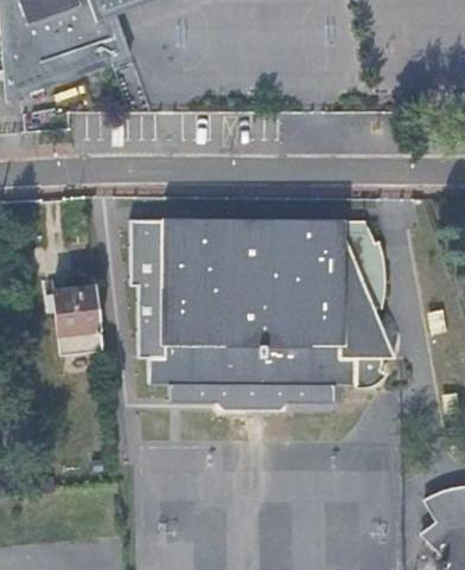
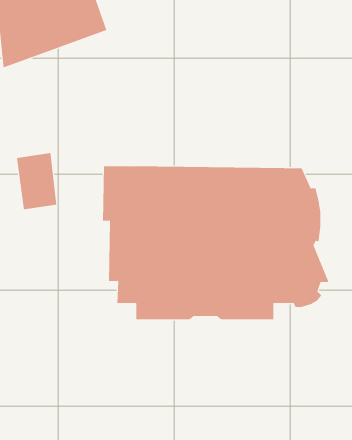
building: [53,287,102,354] -> [16,153,57,210]

